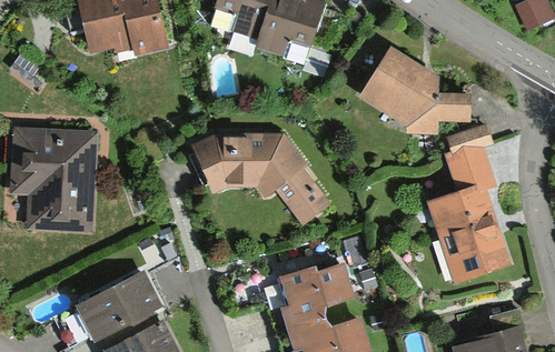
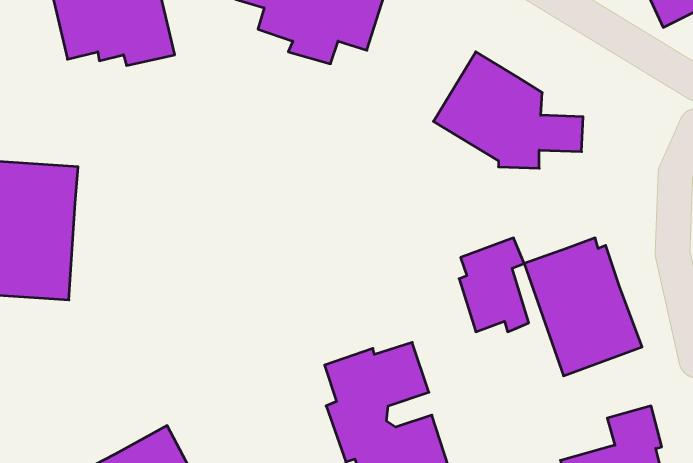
building: [445,123,496,192] -> [459,238,529,332]
building: [191,134,325,219] -> none
building: [73,272,161,344] -> none

